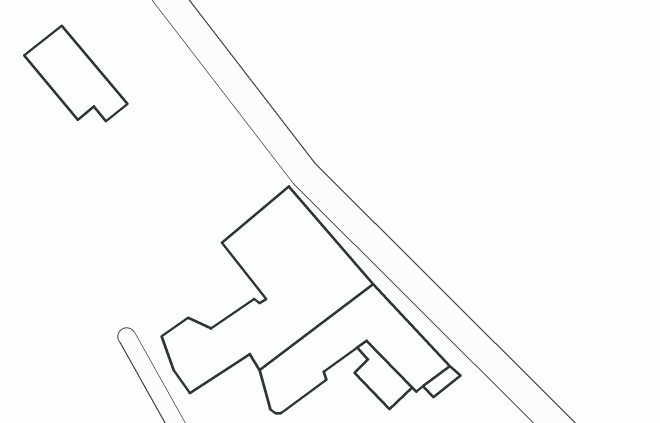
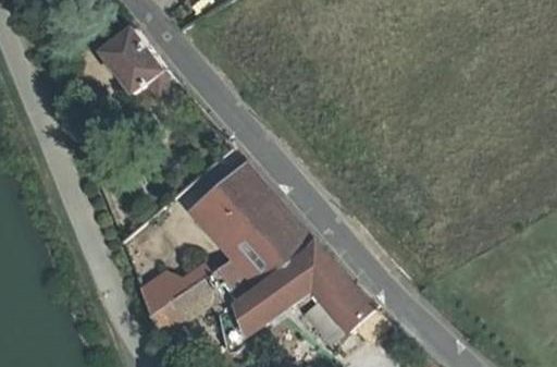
building: [24,26,127,121] -> [91,19,175,96]

